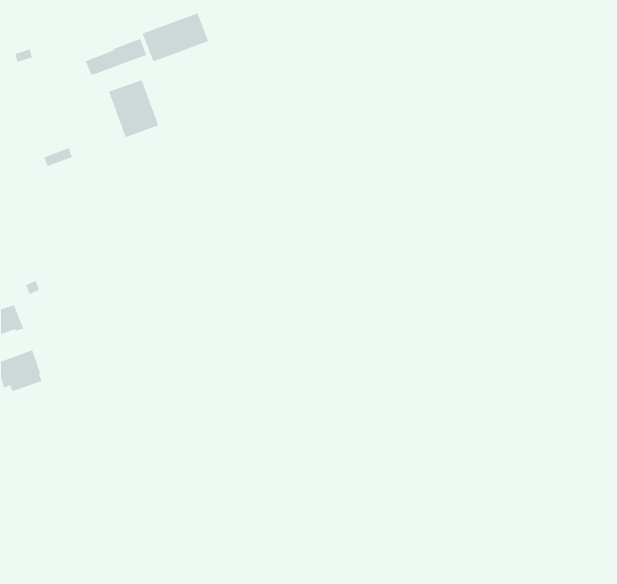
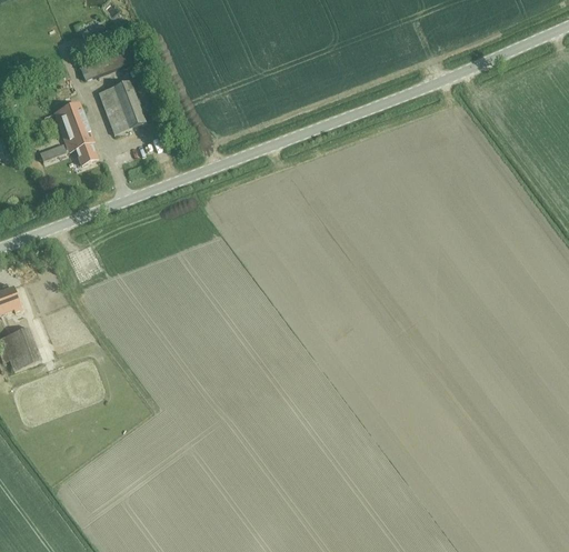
building: [142,12,209,62] -> none
building: none -> [54,104,98,165]

